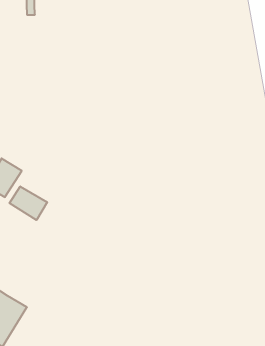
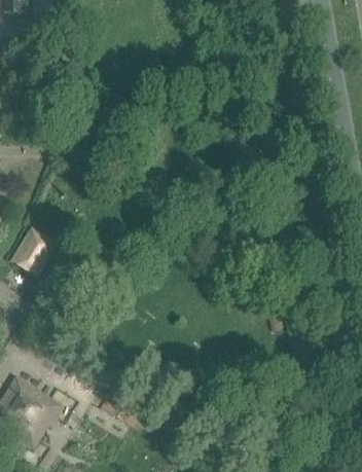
building: [10,186,47,220] -> none

